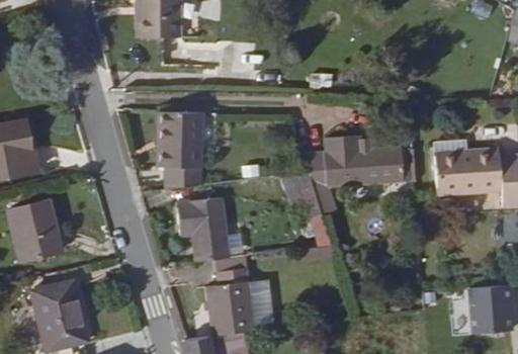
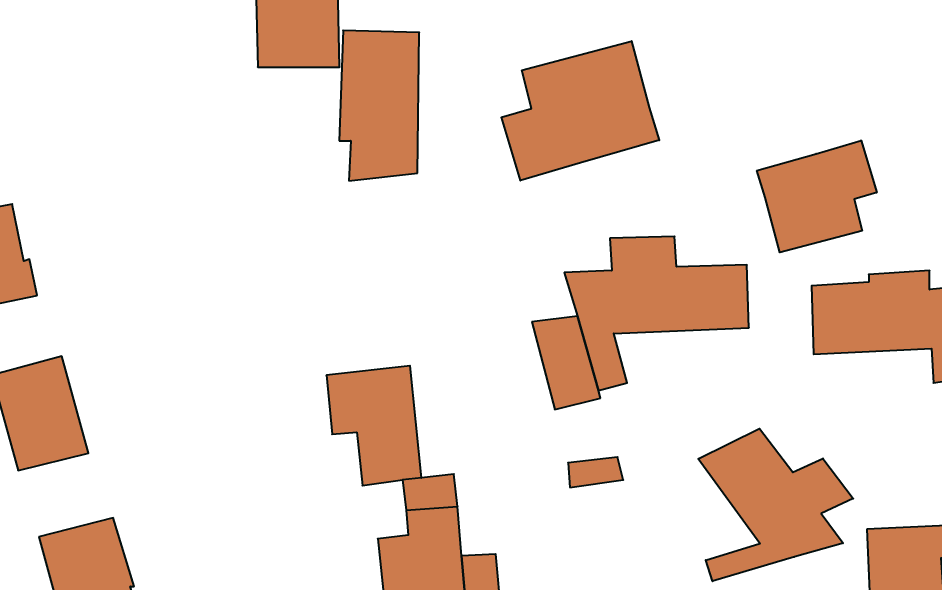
building: none -> [501,41,659,181]
building: none -> [757,140,877,252]
building: [167,109,209,189] -> [339,30,419,181]
building: none -> [698,429,853,581]

